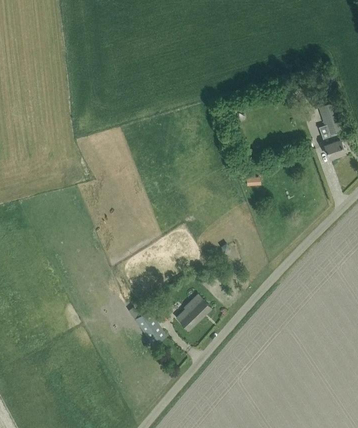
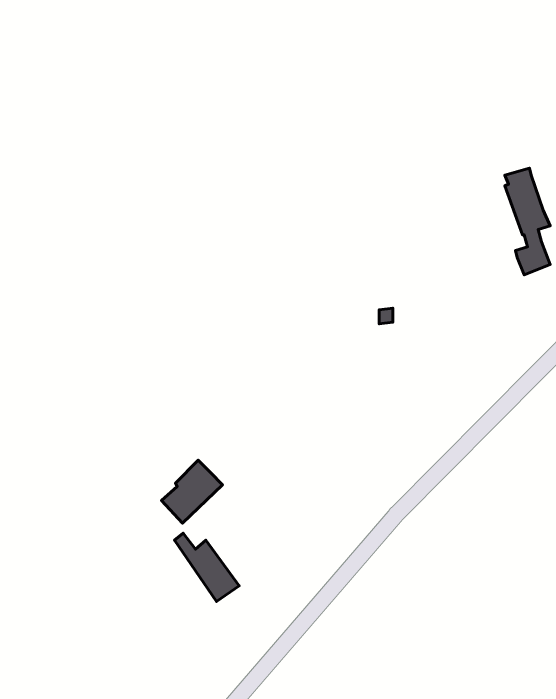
building: [176,294,211,330] -> [161,460,223,523]

